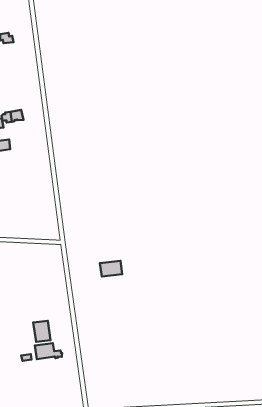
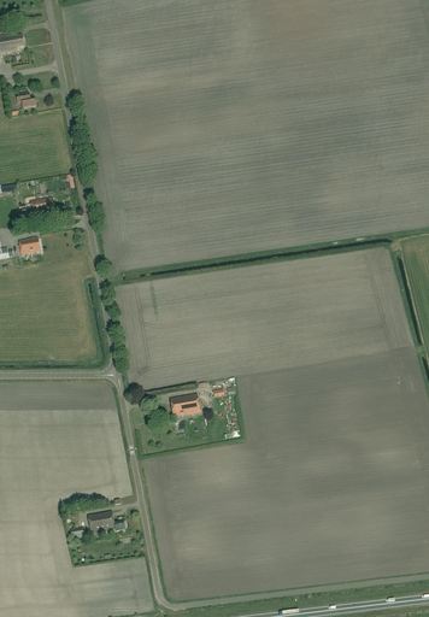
building: [33,321,51,342] -> none

